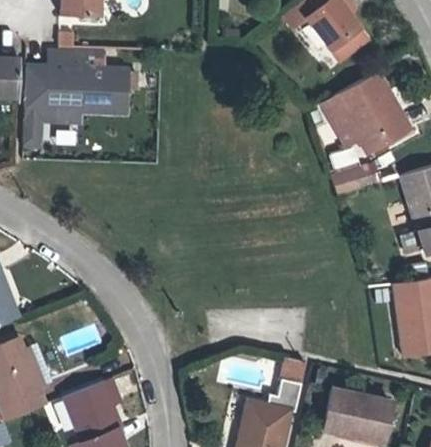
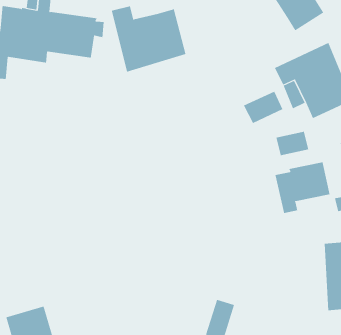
building: none -> [111,5,186,73]
building: none -> [243,91,283,124]
building: none -> [275,162,330,214]

